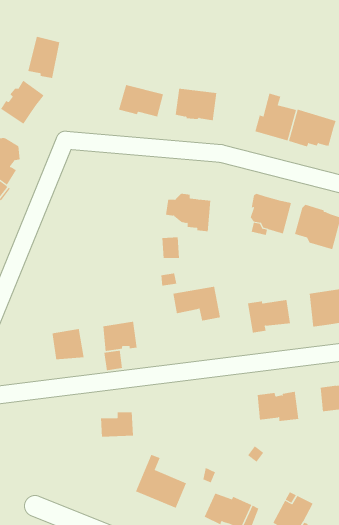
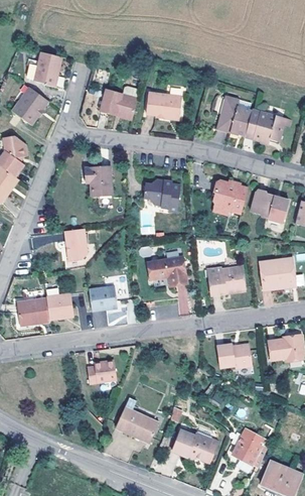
building: none -> [87,166,115,196]
building: none -> [66,229,90,261]
building: none -> [17,297,50,324]

